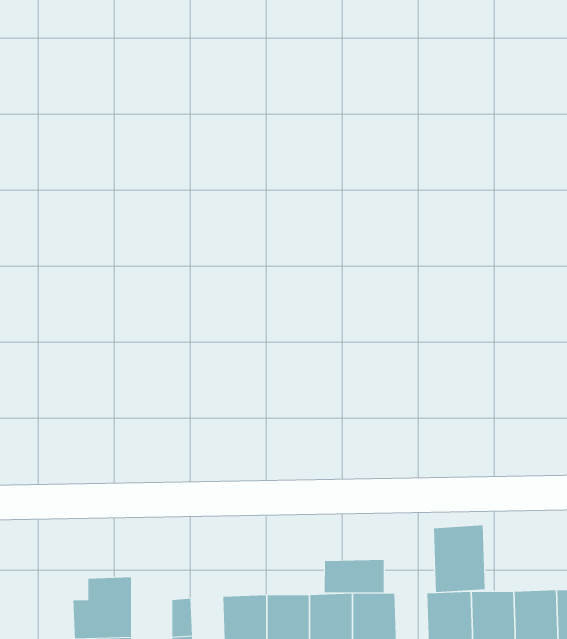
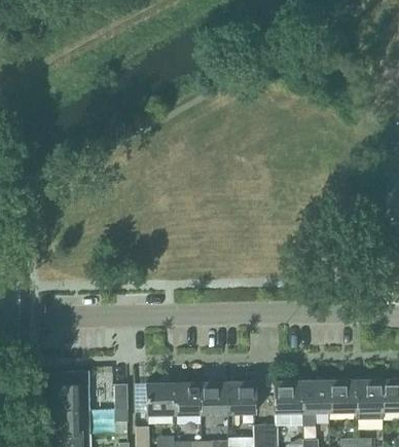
building: [434,524,485,593] -> none
building: [324,559,384,593] -> none

